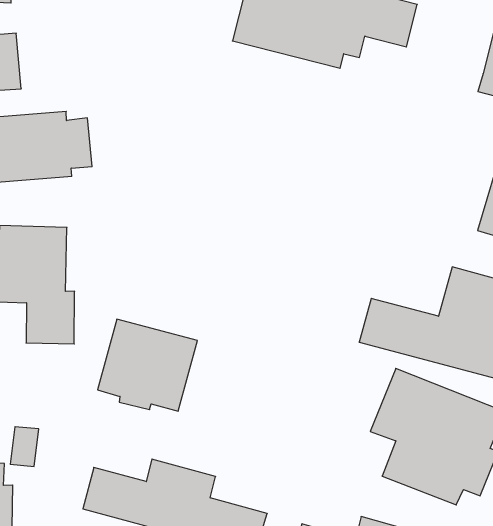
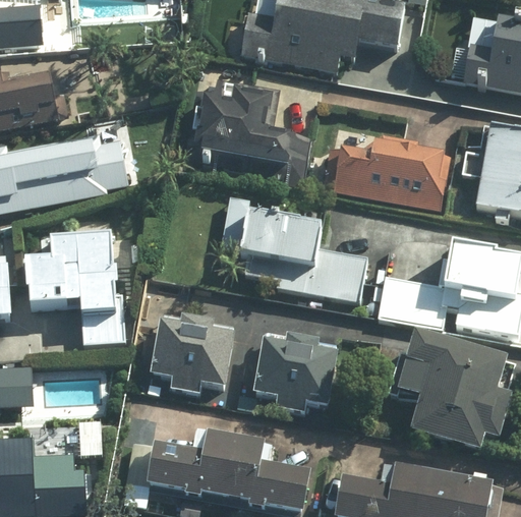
building: none -> [185,76,309,181]
building: none -> [324,132,445,207]
building: none -> [220,196,368,301]
building: none -> [253,334,337,411]

